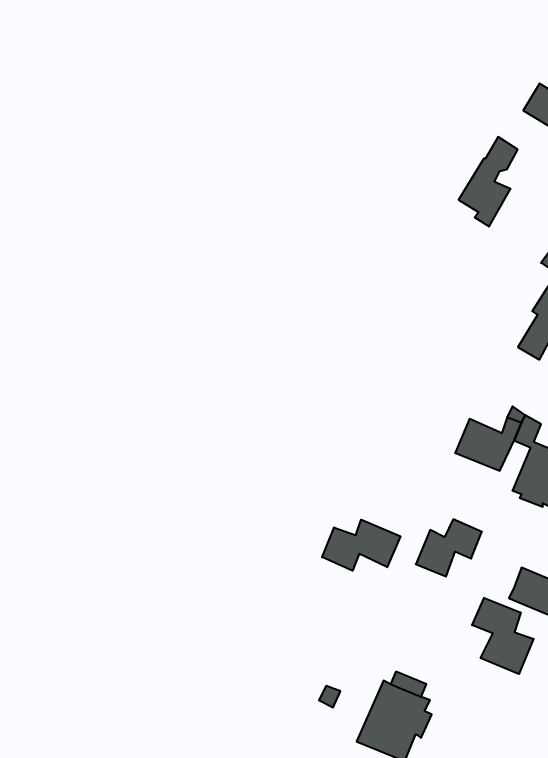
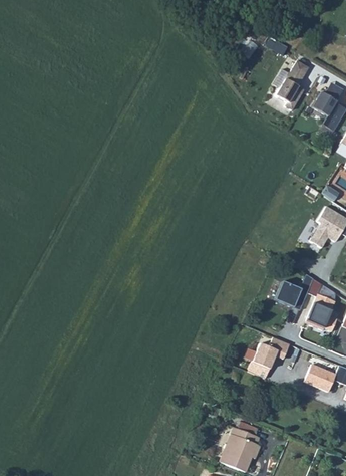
building: [459,137,518,227] -> [276,60,309,110]
building: [322,520,400,571] -> none
building: [472,598,534,674] -> none

